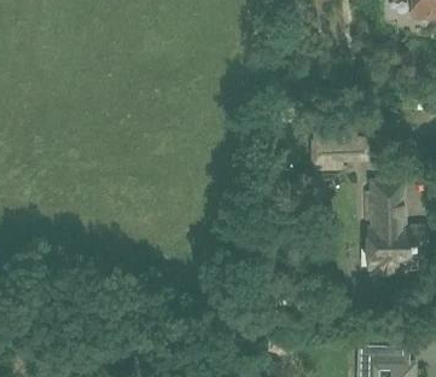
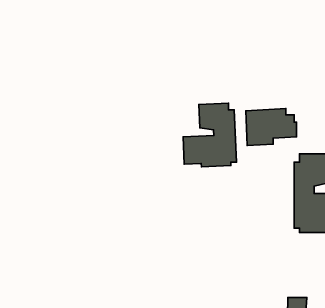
building: none -> [183,103,236,167]

